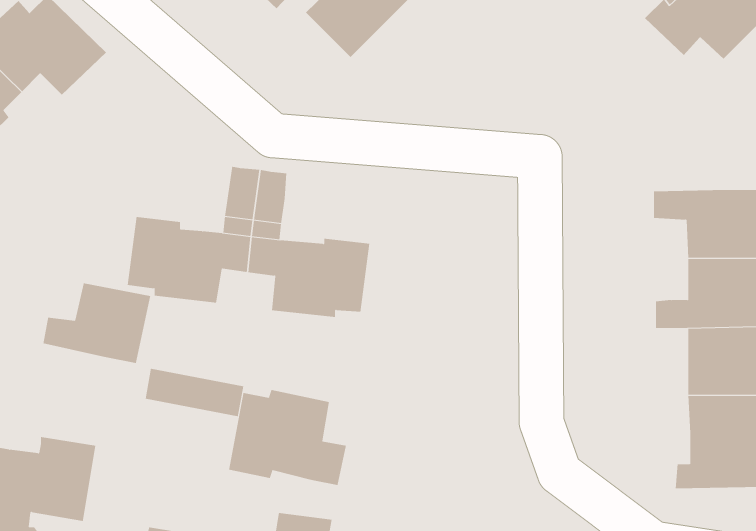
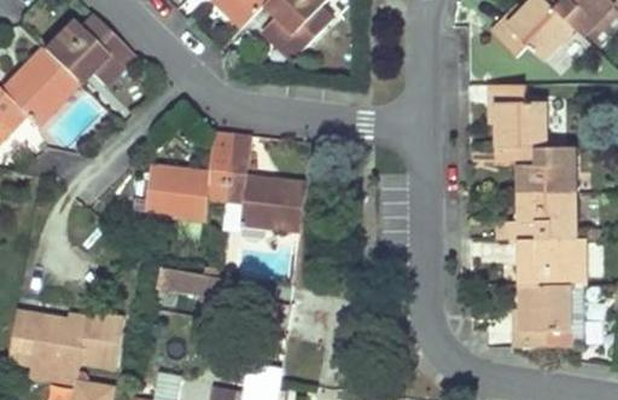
building: none -> [488,85,546,147]
building: [43,283,151,364] -> none
building: [228,389,347,486] -> none

